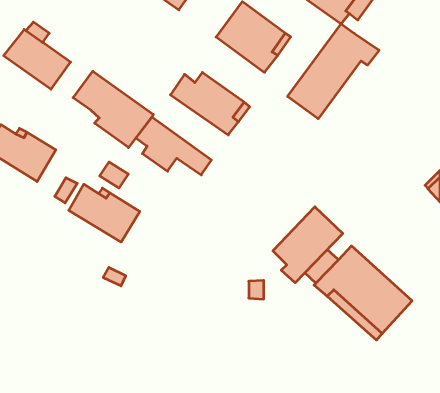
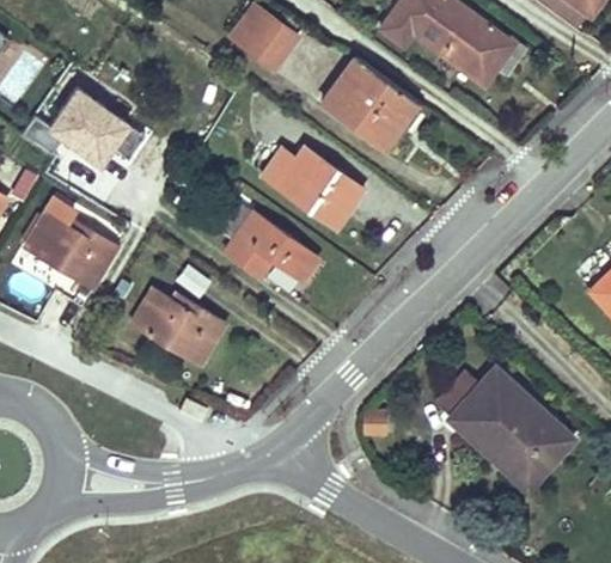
building: [288,24,379,119] -> none
building: [73,71,153,148] -> none
building: [273,207,343,283] -> none

